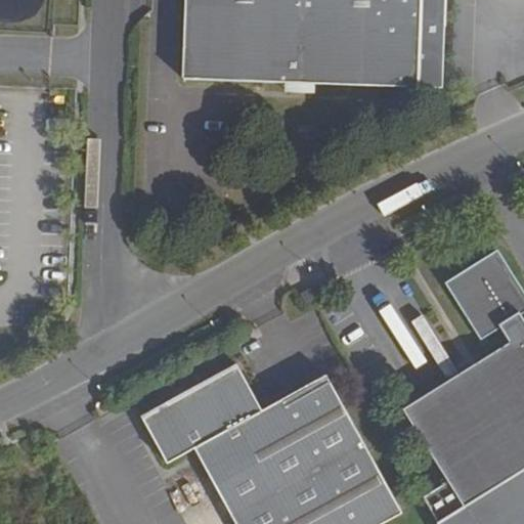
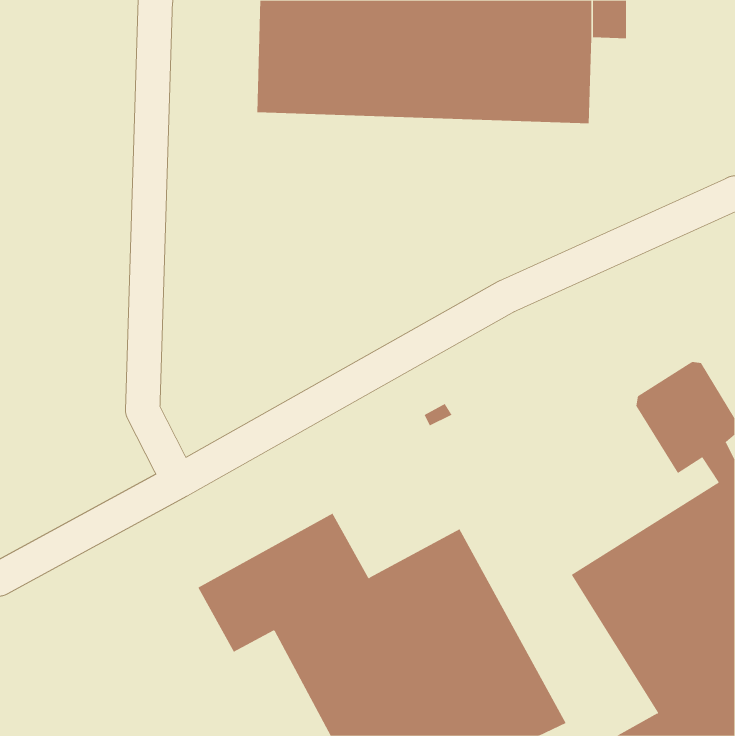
building: [419,27,445,89] -> none

